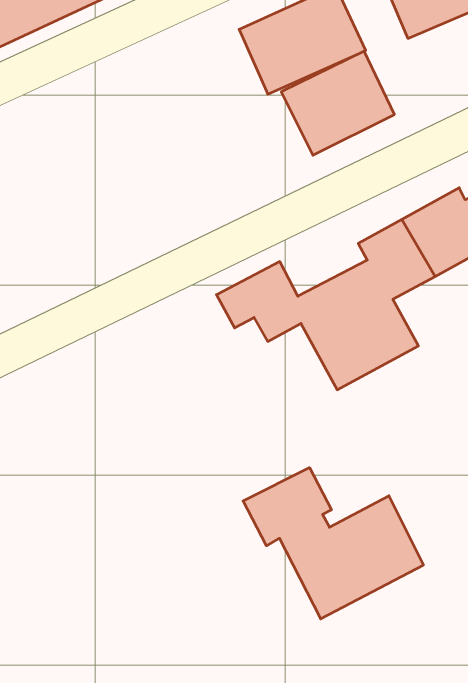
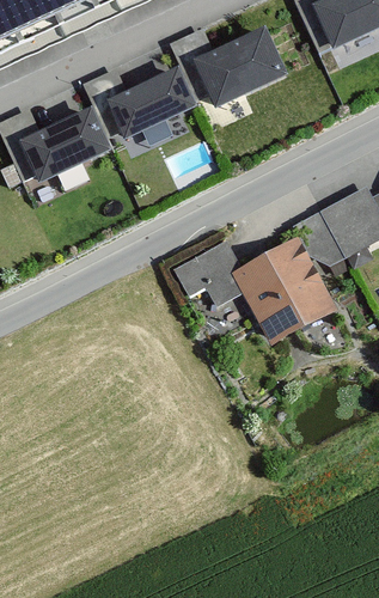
building: [281,51,394,155] -> [104,56,194,139]
building: none -> [10,103,112,191]
building: [243,468,423,619] -> none

